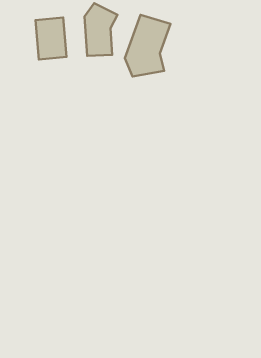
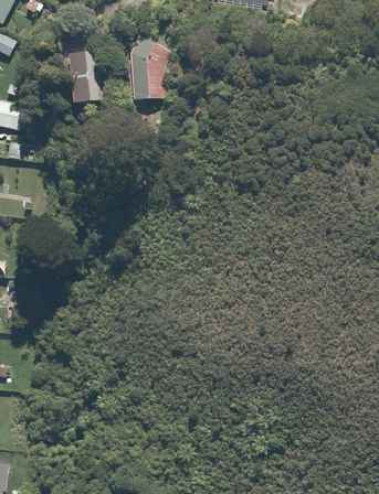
building: [125,15,171,77] -> none

